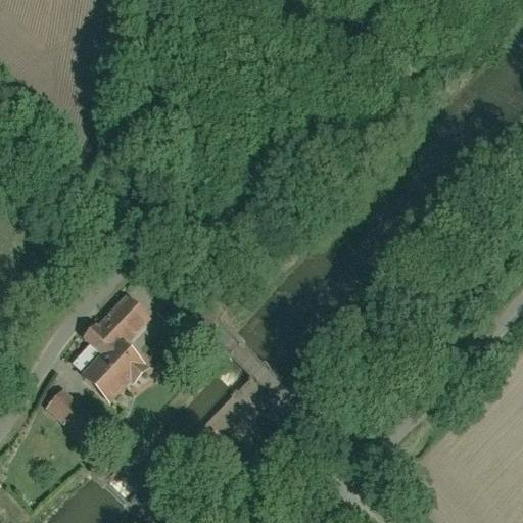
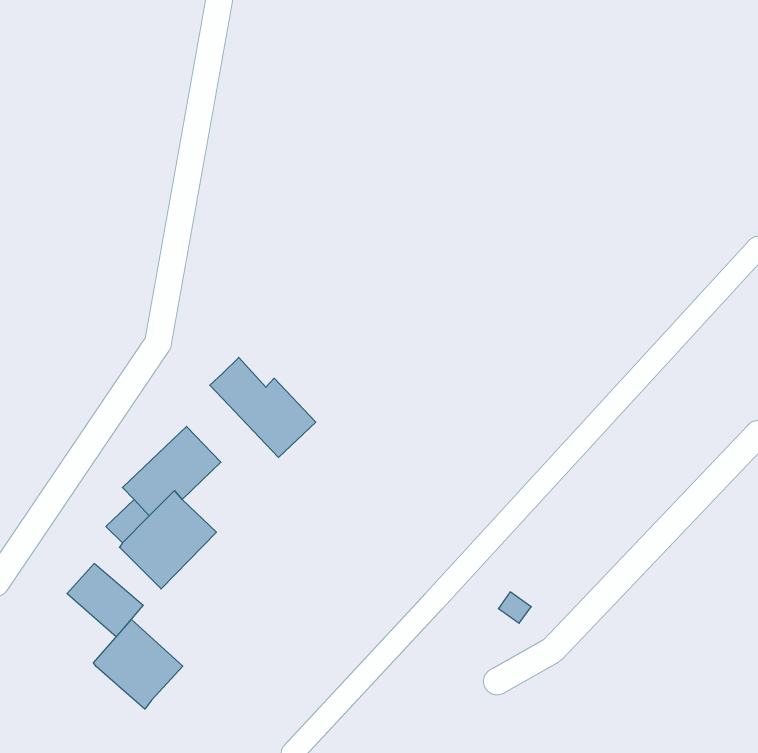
building: none -> [210,357,316,457]
building: none -> [93,620,183,709]

